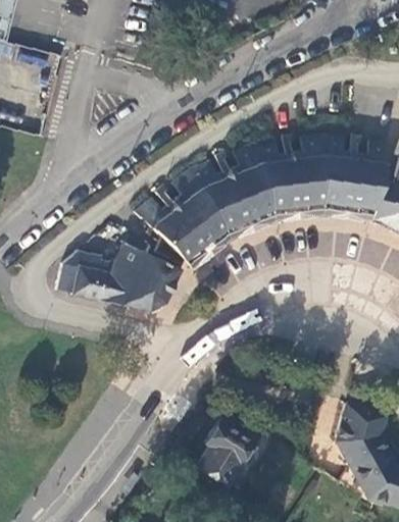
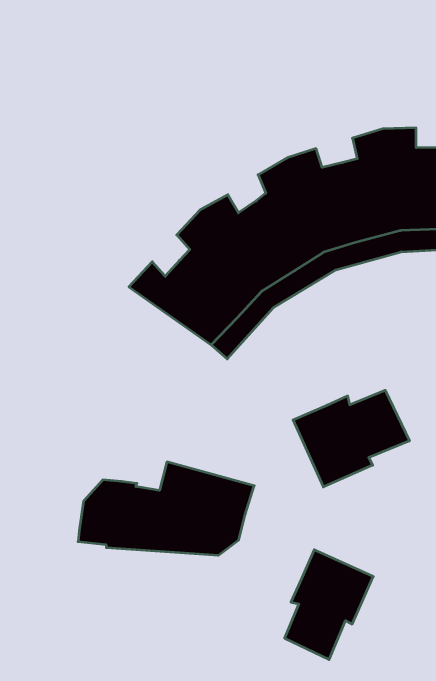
building: [53,243,178,311] -> [78,462,254,555]
building: none -> [293,390,409,487]

